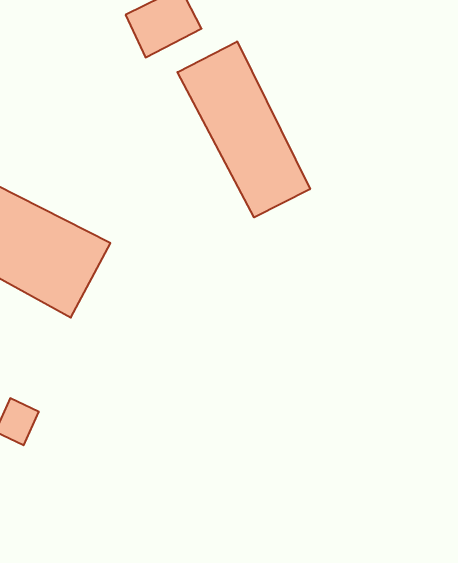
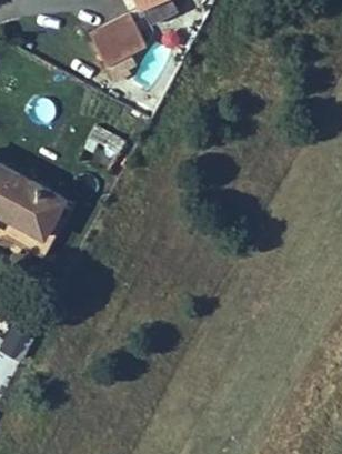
building: [177,41,310,217] -> none

